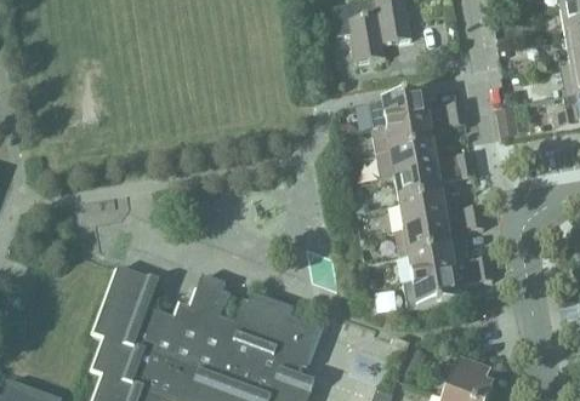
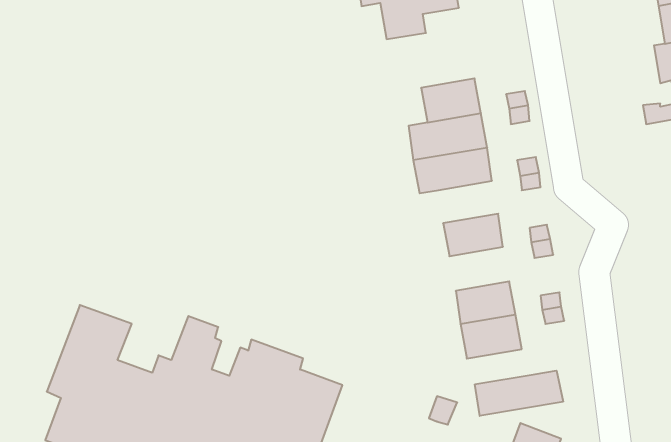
building: [394,168,440,201] -> none
building: [394,219,449,254] -> none
building: none -> [475,371,563,416]

